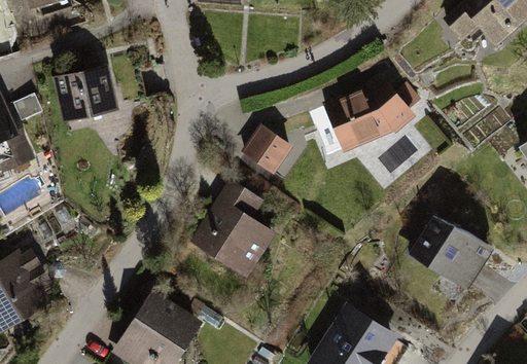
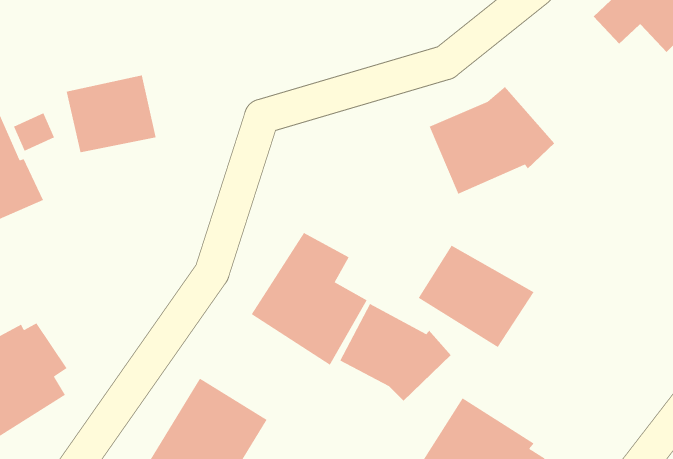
building: [241,124,292,174] -> none
building: [407,214,493,290] -> [418,245,534,348]
building: none -> [340,303,452,402]

